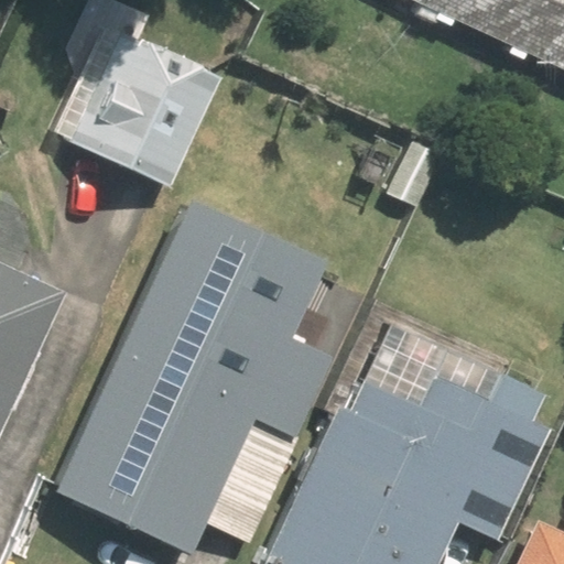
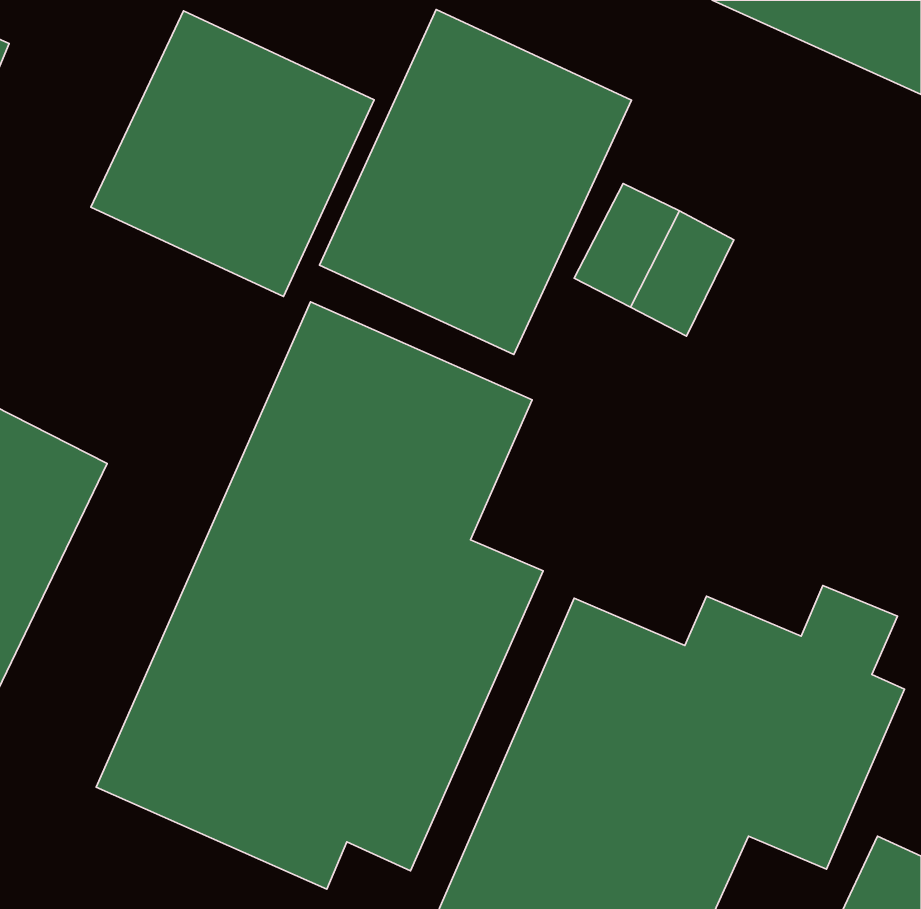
building: none -> [320,10,631,354]

